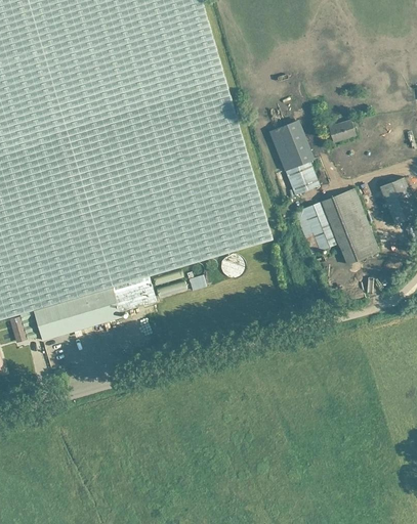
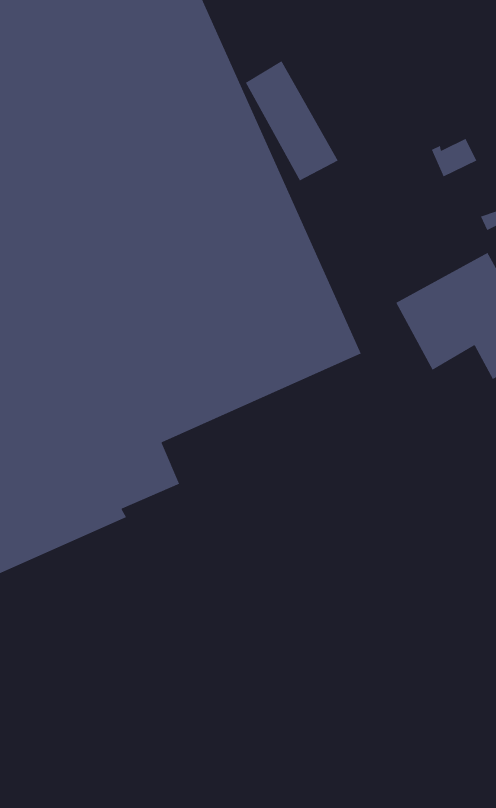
building: [270,122,320,194] -> [245,60,339,182]

